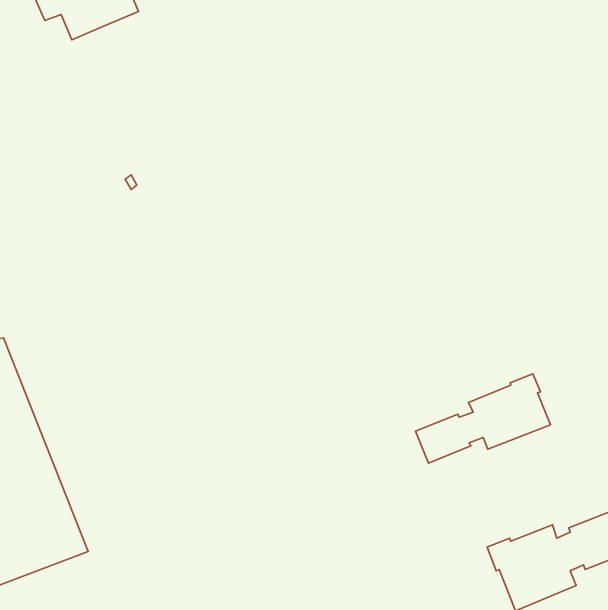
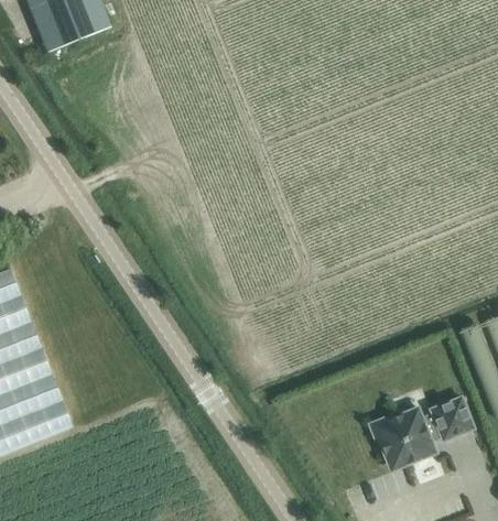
building: [415,374,551,463] -> none

